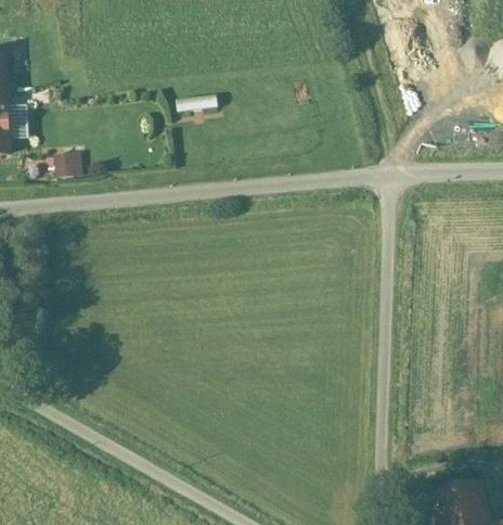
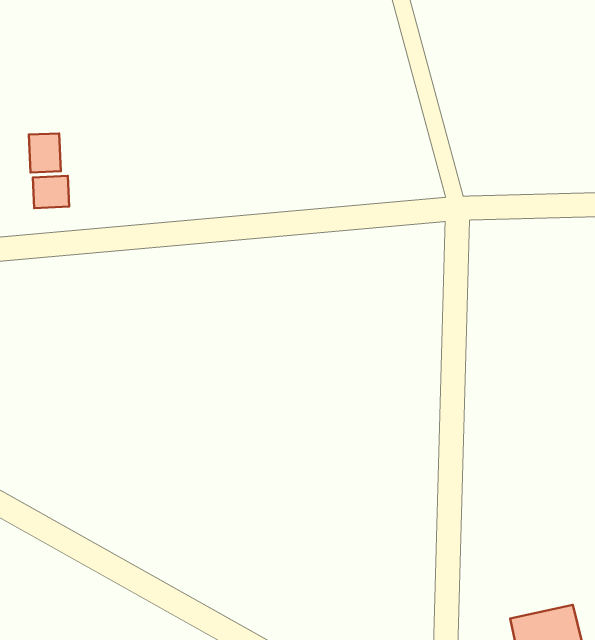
building: none -> [29,133,61,172]

